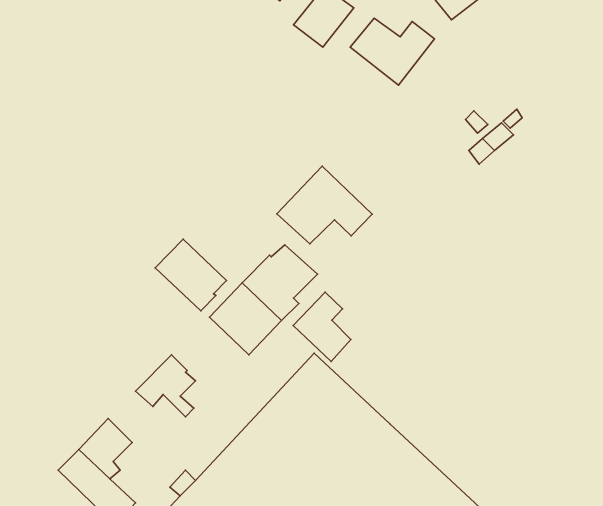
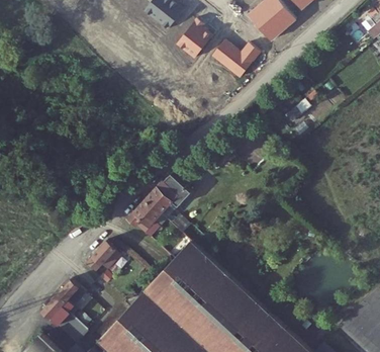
building: [277,166,372,244] -> none
building: [155,239,227,311] -> none
building: [293,292,351,361] -> none

